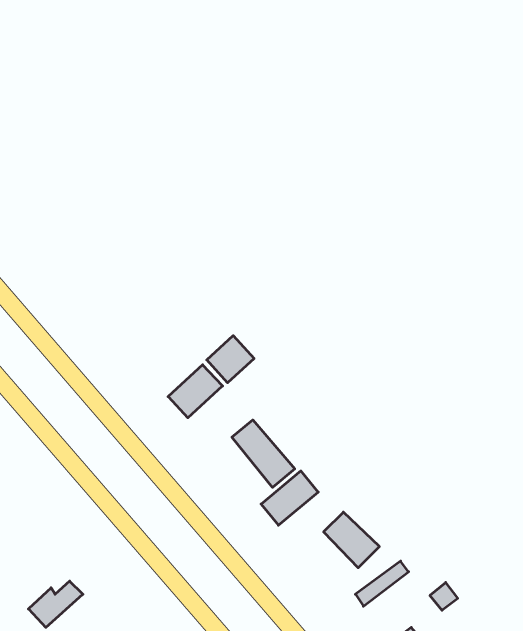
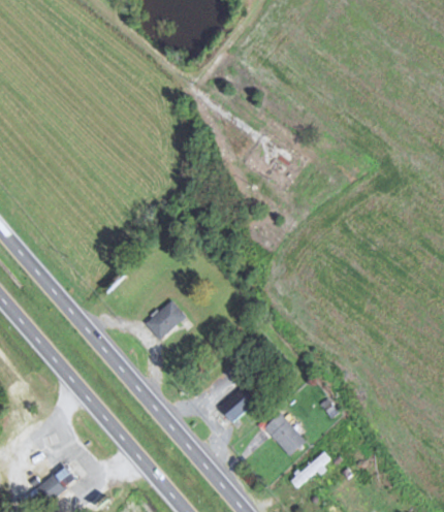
building: [207,336,254,383] -> none
building: [232,420,295,487] -> none

